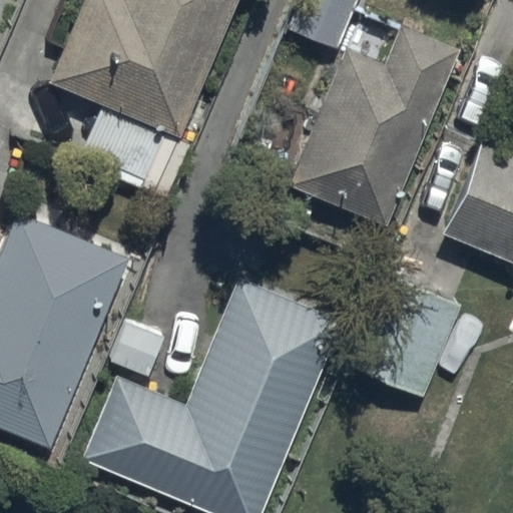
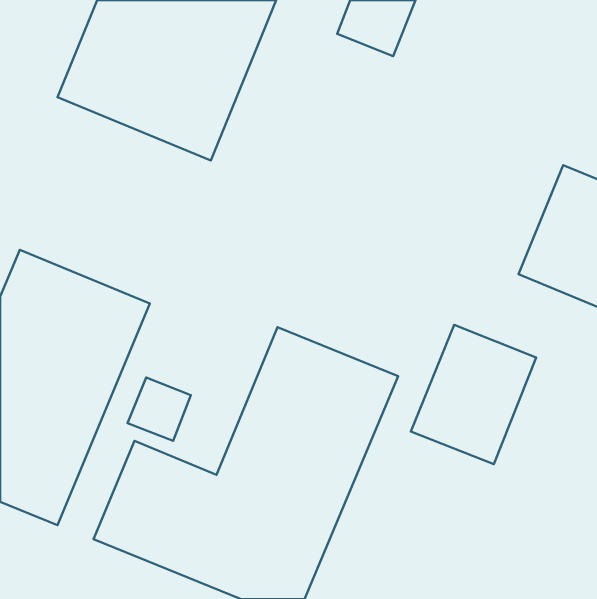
building: [290,26,460,226] -> none

